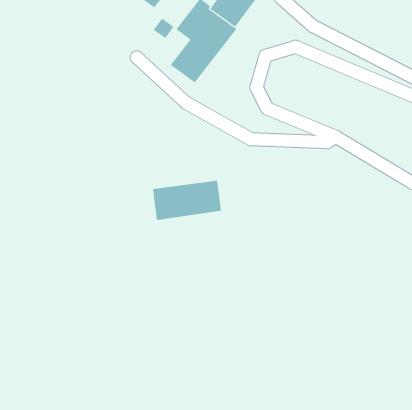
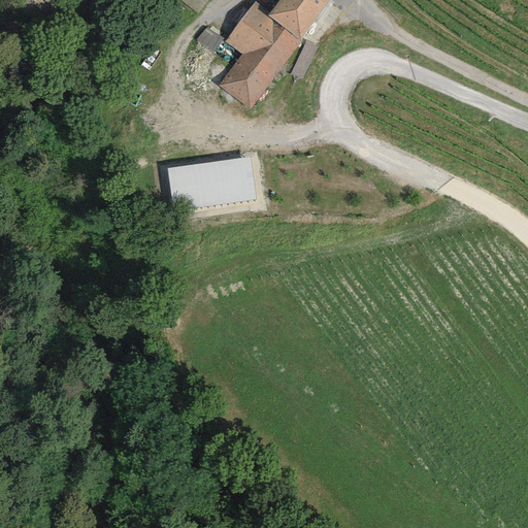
building: [152,180,222,221] -> [167,158,256,209]

